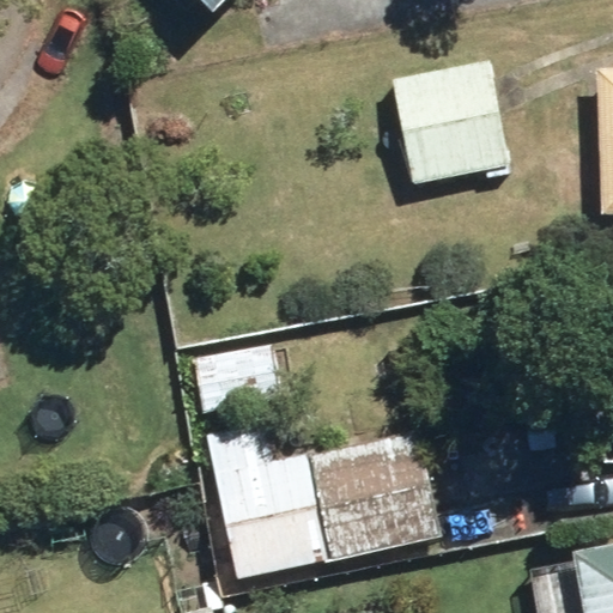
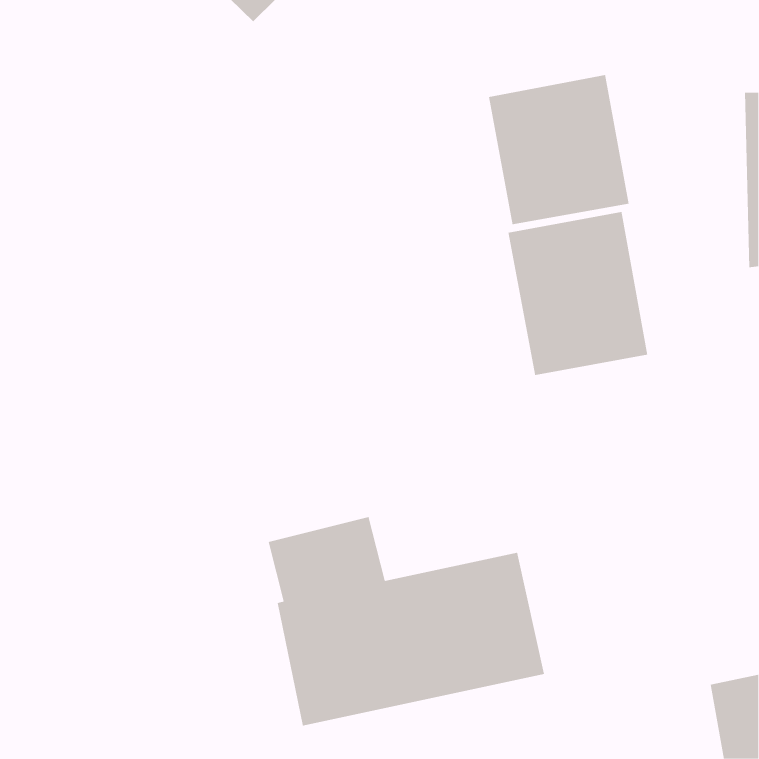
building: none -> [508,211,648,376]

